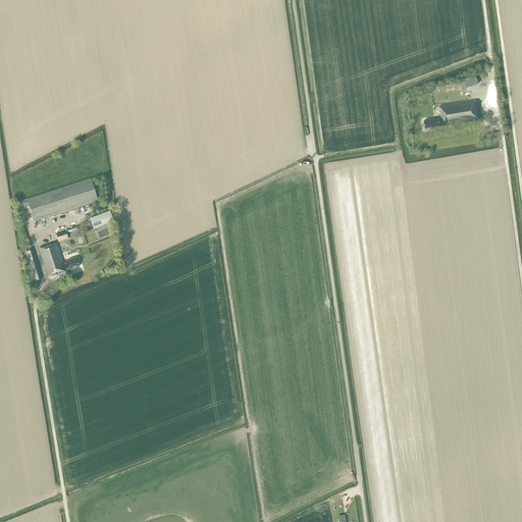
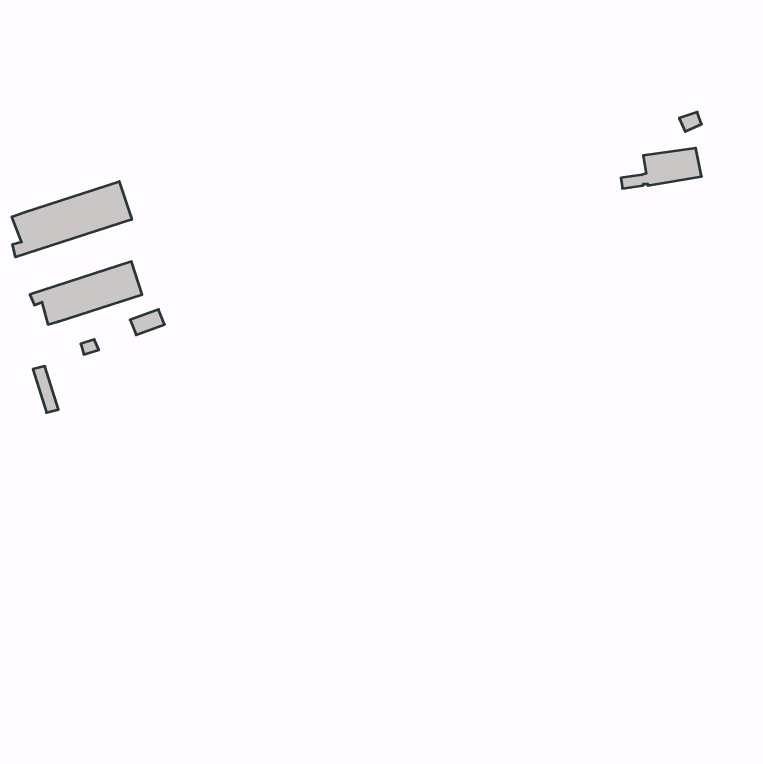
building: none -> [12,181,132,257]
building: [38,243,77,277] -> none

